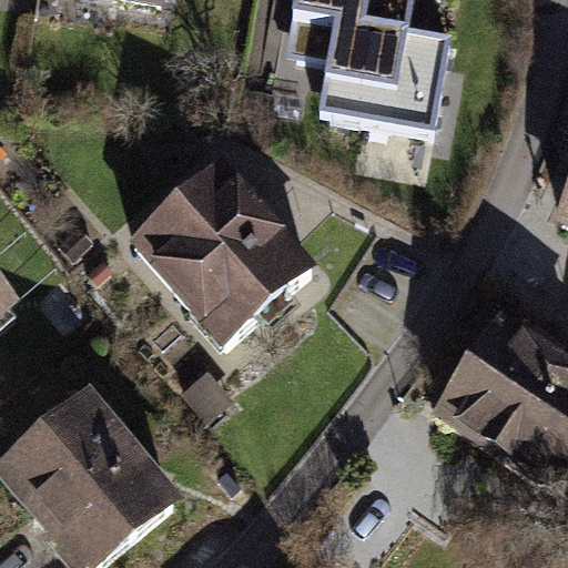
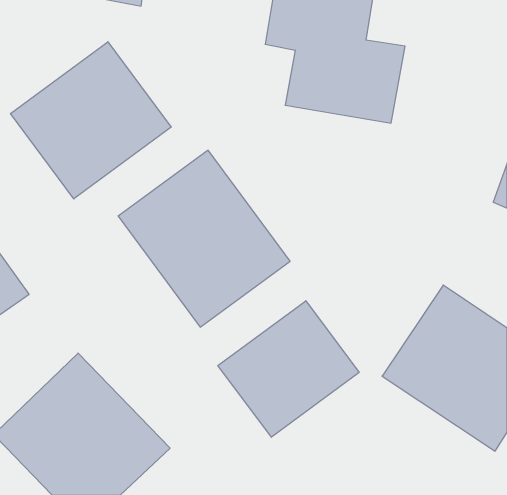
building: none -> [10,42,171,199]
building: none -> [218,301,359,437]

